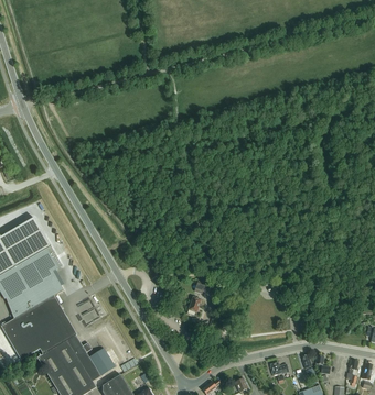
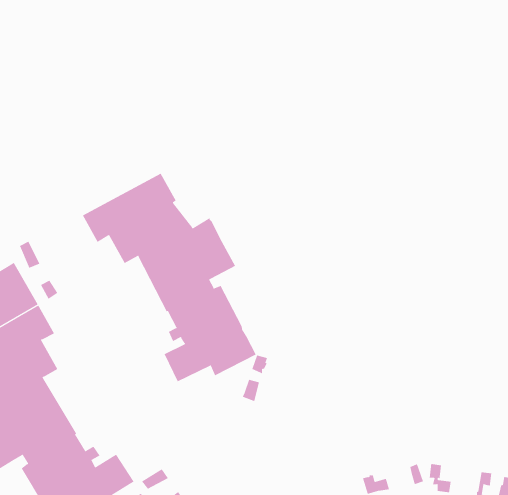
building: none -> [82,173,256,382]

